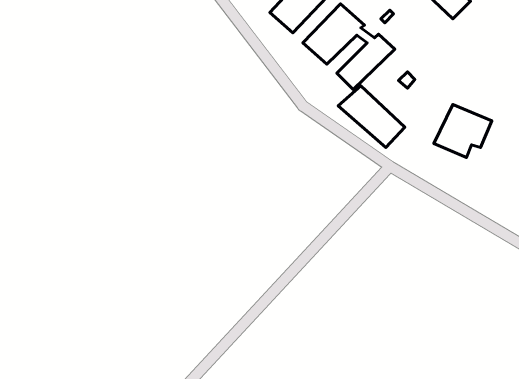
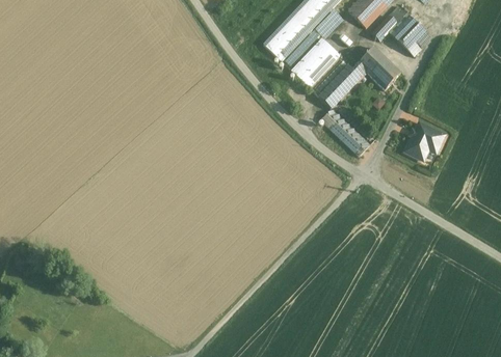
building: none -> [355,47,401,90]

